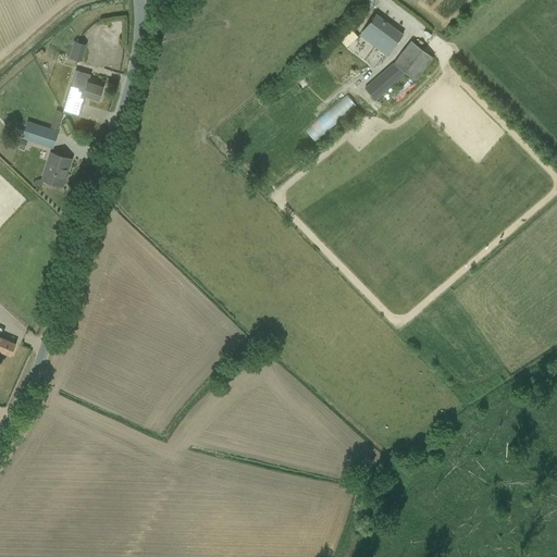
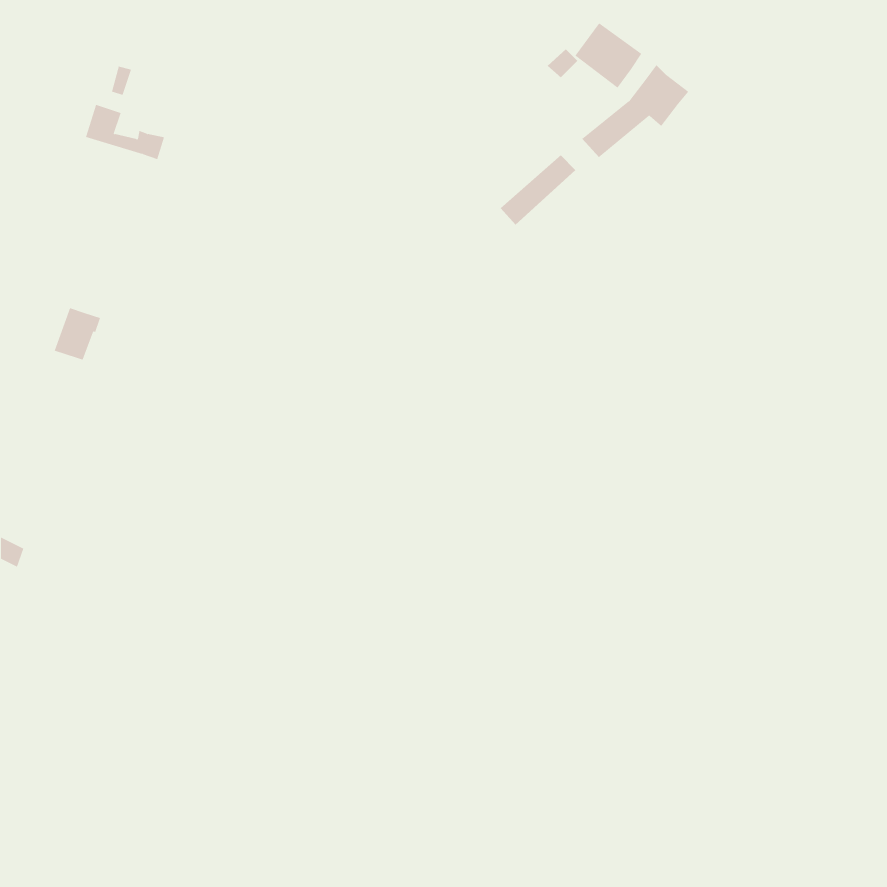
building: [22,110,63,148] -> none
building: [41,152,71,186] -> [54,308,101,361]

